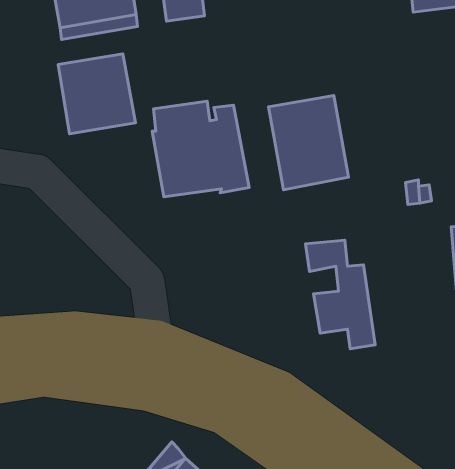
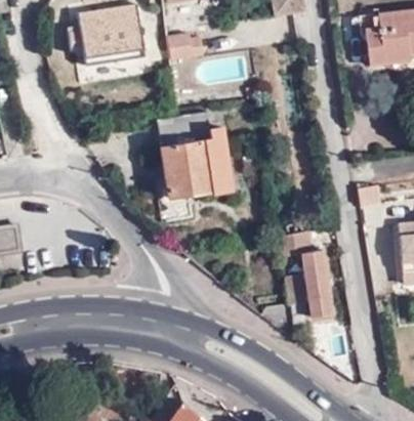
building: [58,54,135,134] -> none
building: [268,96,348,190] -> none

